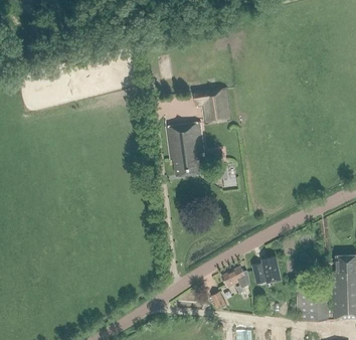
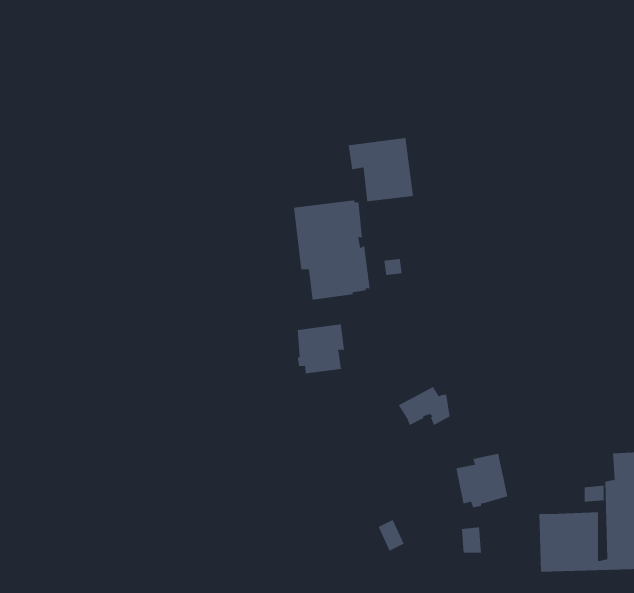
building: none -> [297,324,345,374]
building: [221,267,249,288] -> [398,386,451,426]

